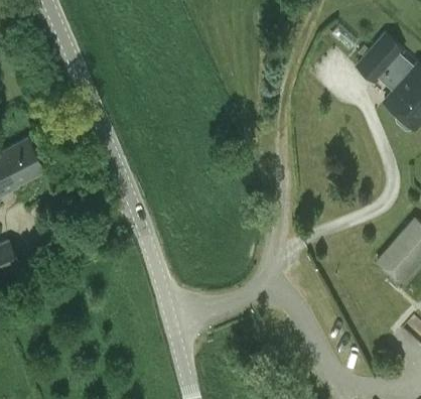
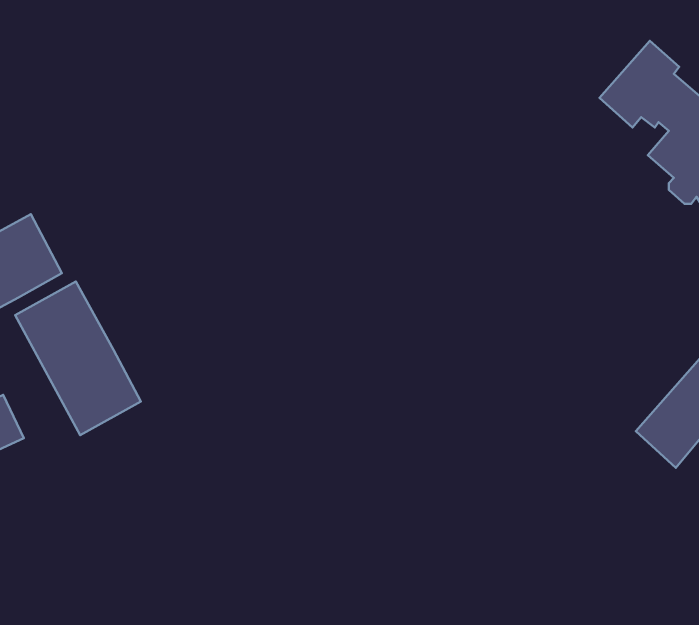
building: none -> [15,281,141,435]

